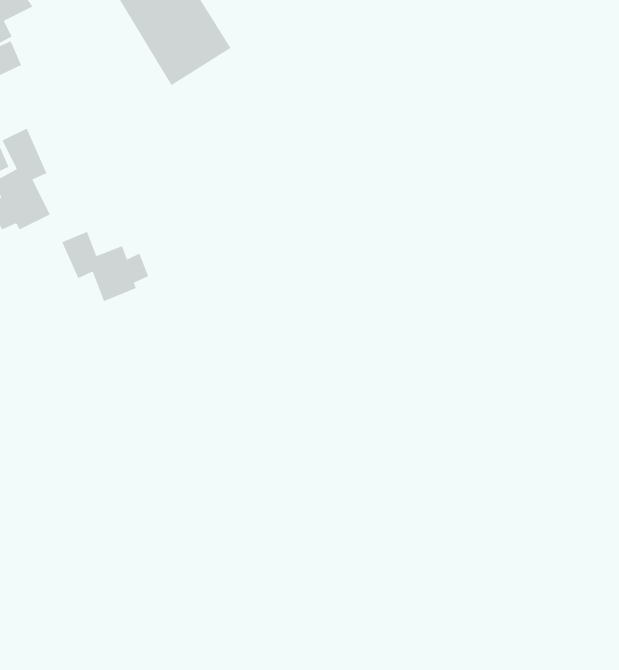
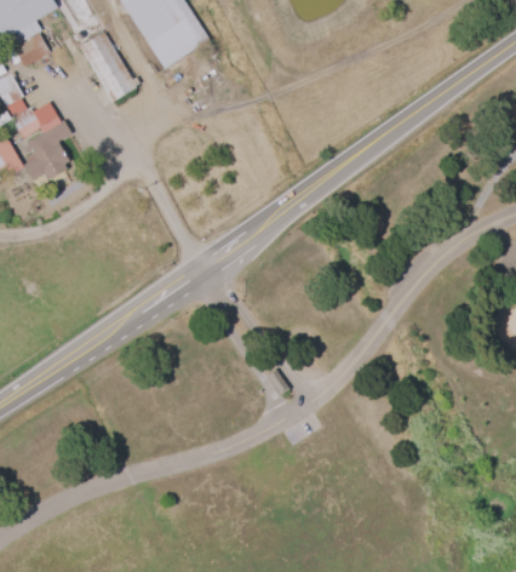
building: none -> [79,30,137,101]
building: [61,231,149,302] -> none

